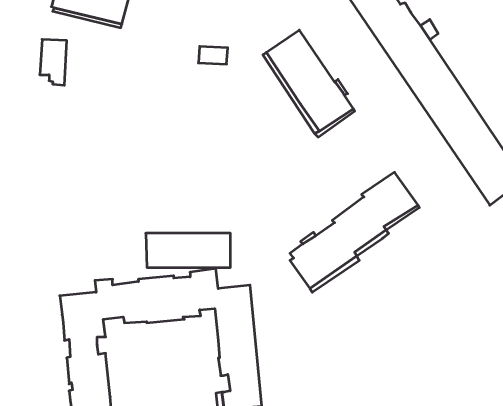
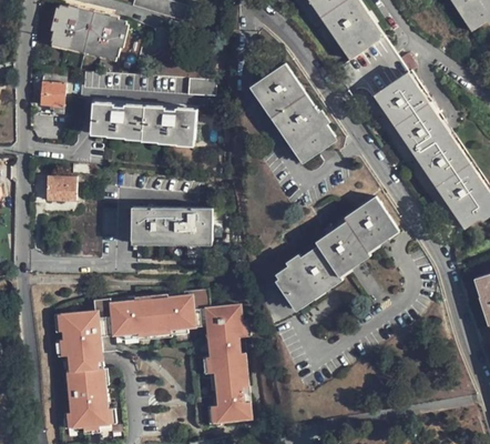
building: none -> [92,103,196,141]
building: none -> [47,179,76,202]
building: [146,233,230,267] -> [132,209,212,241]

